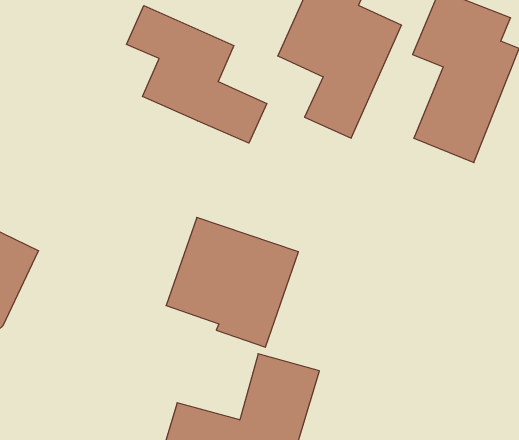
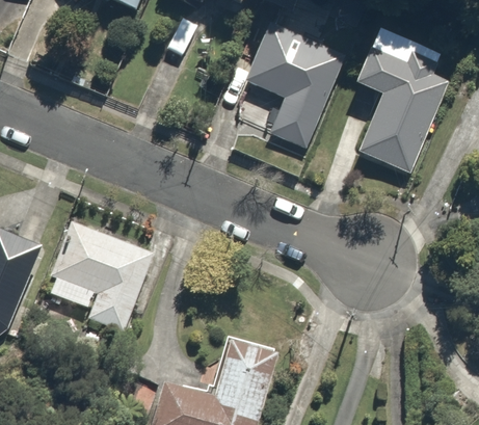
building: [127,6,267,143] -> none
building: [166,217,298,347] -> [42,220,154,330]

